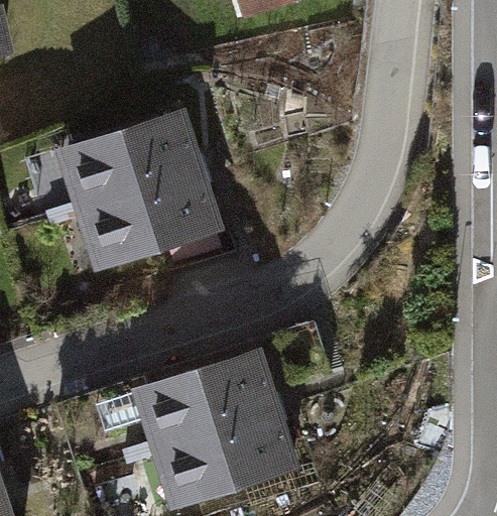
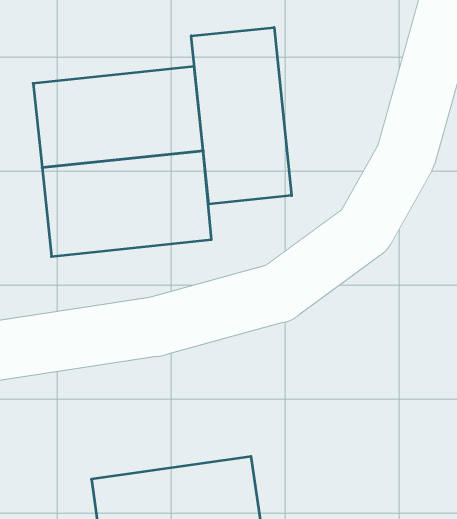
building: none -> [191,27,292,204]
building: [130,348,285,459] -> none

